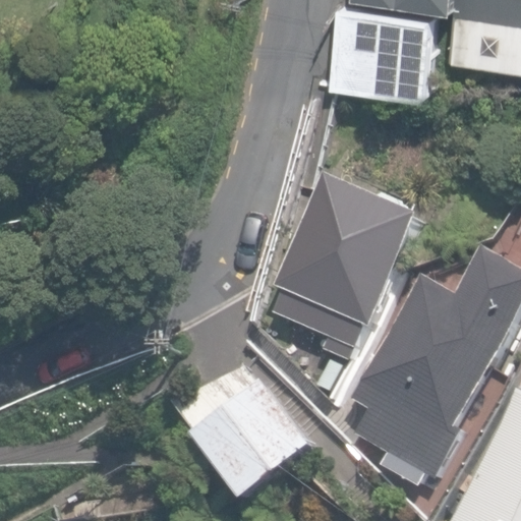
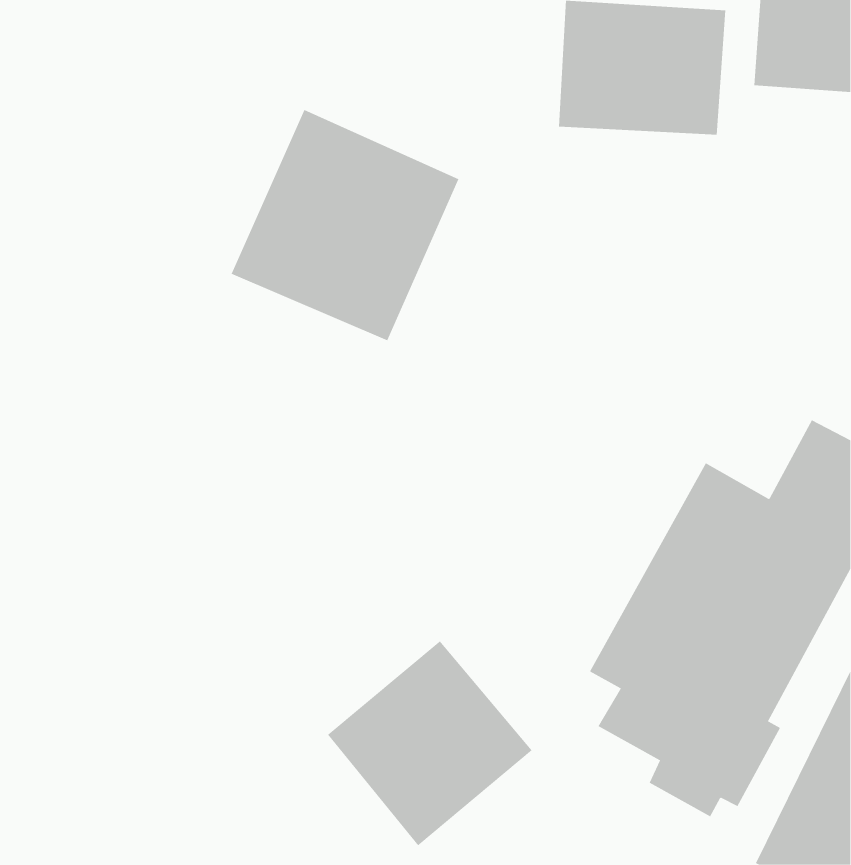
building: none -> [231,109,459,341]
building: [268,171,417,359] -> none

